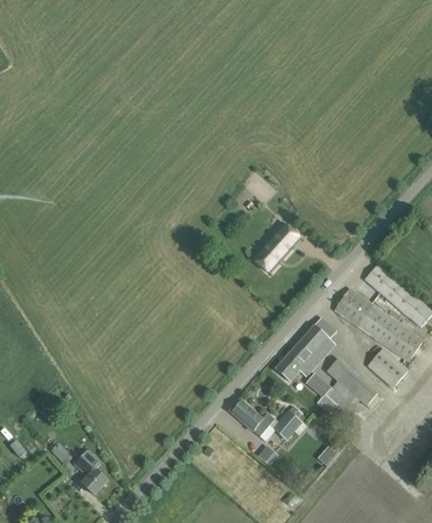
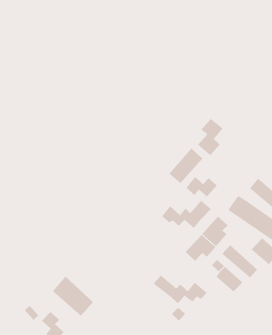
building: none -> [197,118,224,156]
building: none -> [185,176,218,198]
building: none -> [161,200,212,229]
building: none -> [52,276,94,316]

